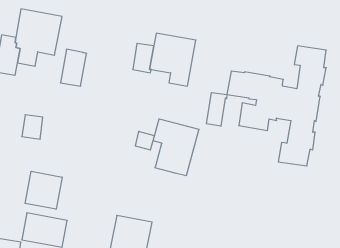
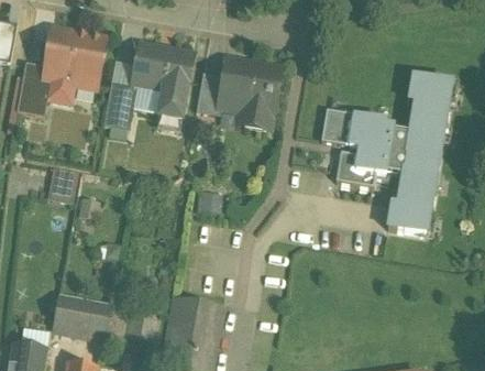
building: none -> [132,42,191,116]
building: [206,93,227,126] -> none
building: [153,119,199,176] -> none
building: [25,171,62,209] -> none

